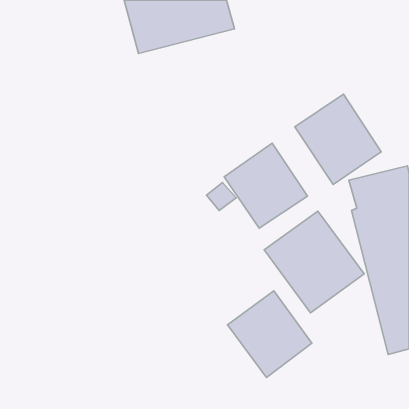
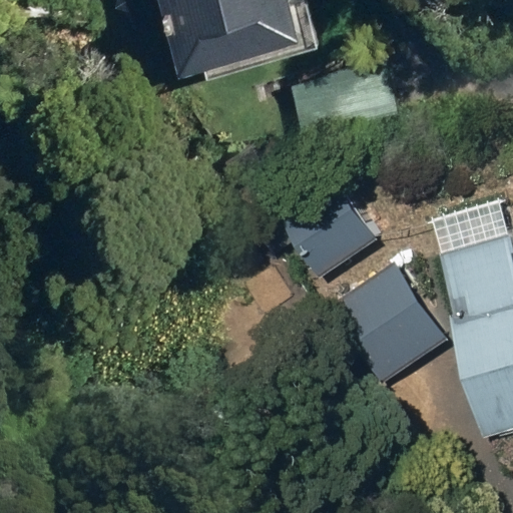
building: [295,94,381,184] -> none
building: [228,291,312,378] -> none

